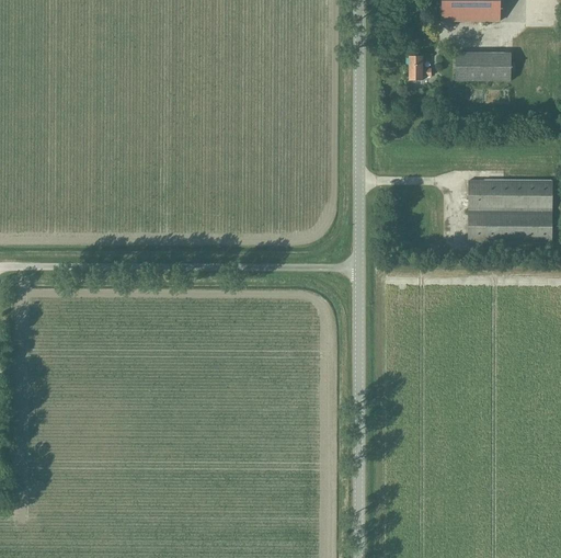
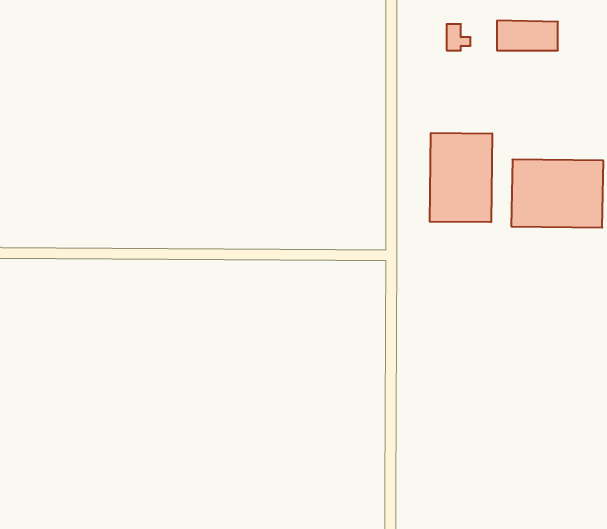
building: none -> [430,133,492,222]

